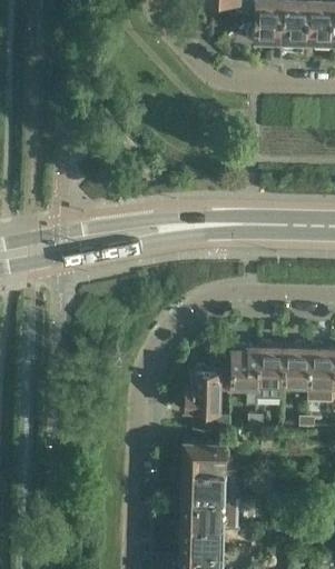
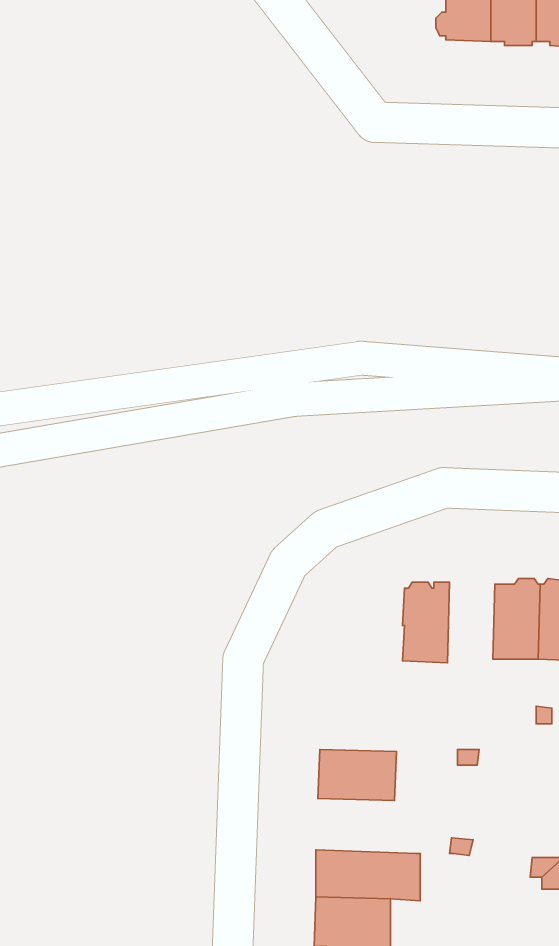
building: [255,346,282,395] -> none
building: [180,369,230,431] -> none
building: [180,471,237,502] -> none

